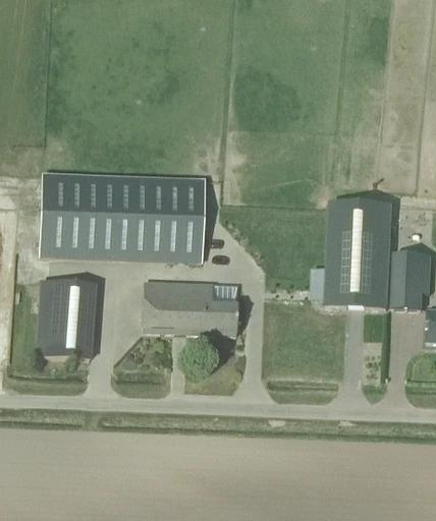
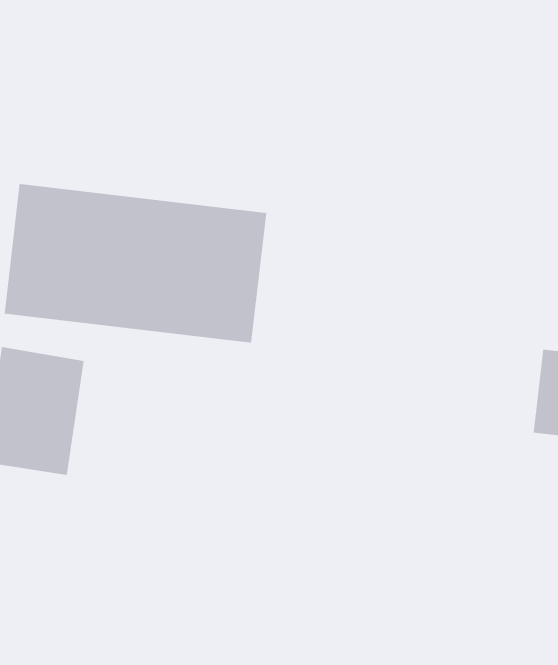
building: [326,198,389,306] -> none
building: [142,280,237,335] -> none

